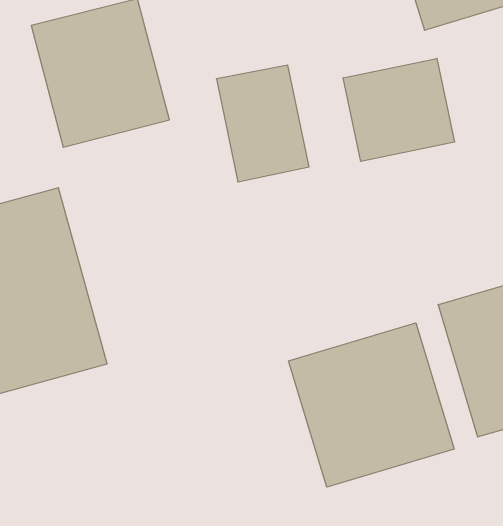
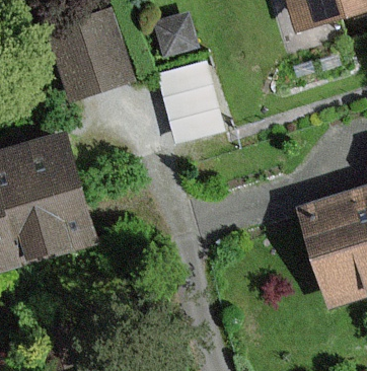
building: [343,58,455,161] -> none
building: [289,323,454,487] -> none

